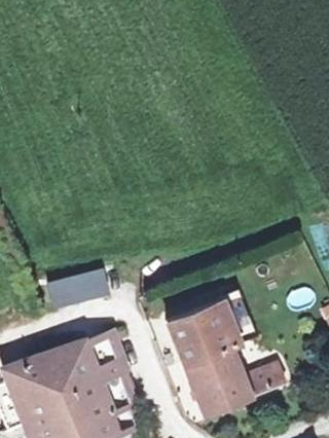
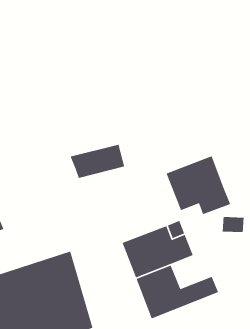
building: none -> [166,155,231,215]
building: [36,271,102,313] -> [69,144,125,179]

